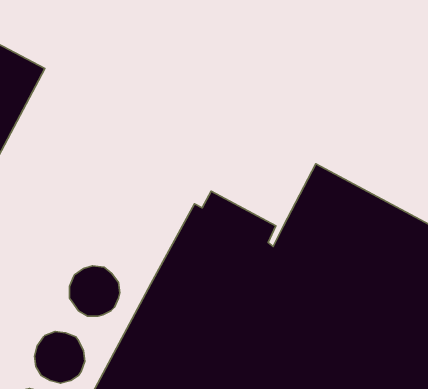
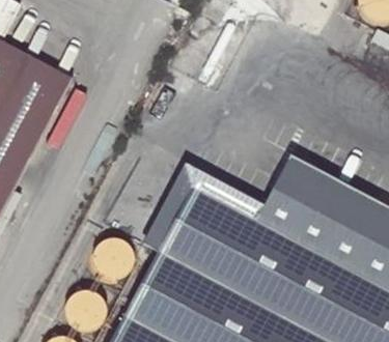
building: none -> [144,164,267,253]

